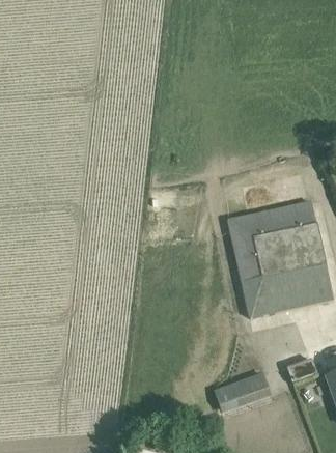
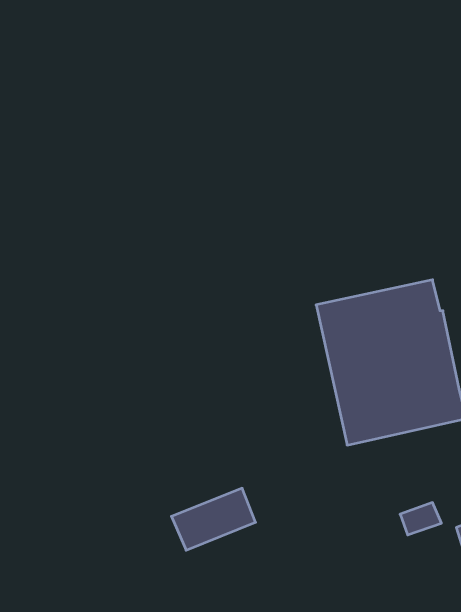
building: [213,371,272,415] -> [171,488,256,550]

